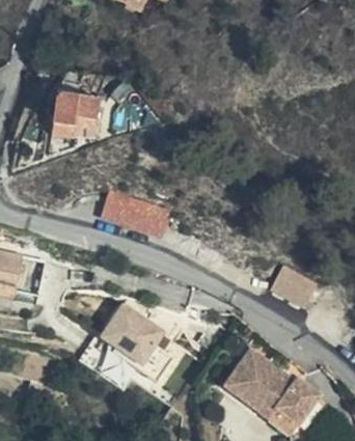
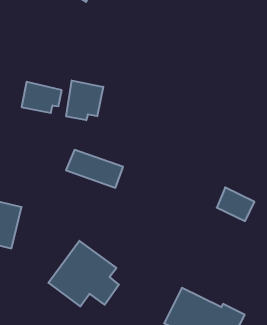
building: none -> [66,80,103,120]
building: [266,265,312,306] -> [217,187,254,221]

